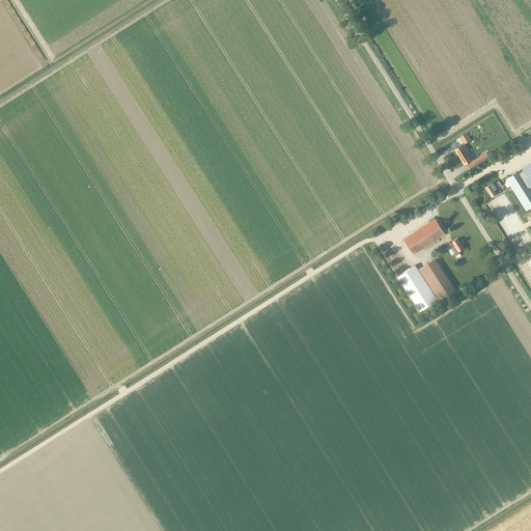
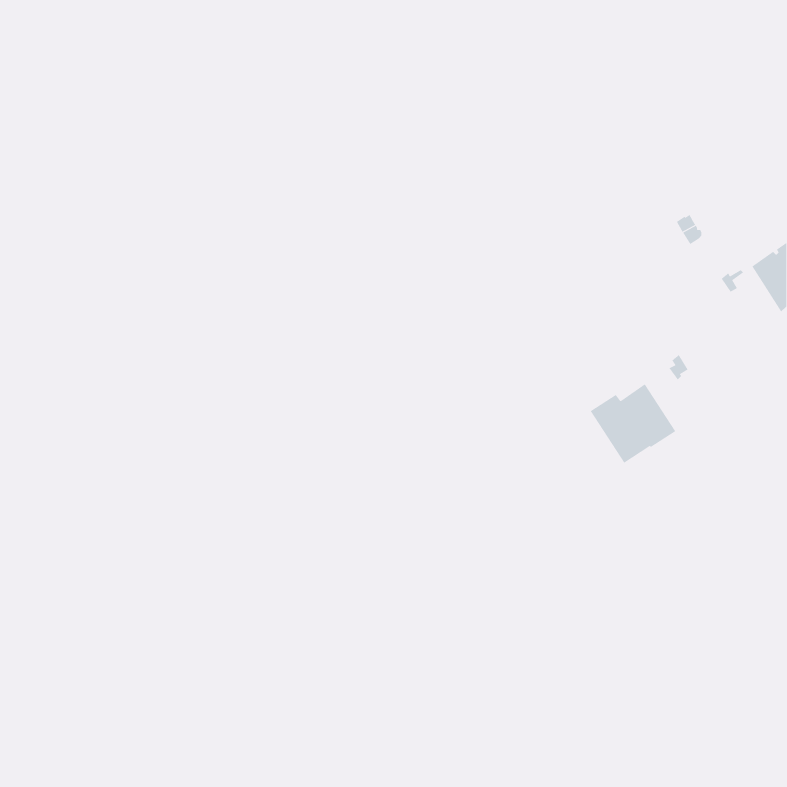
building: [403,219,445,254] -> none

